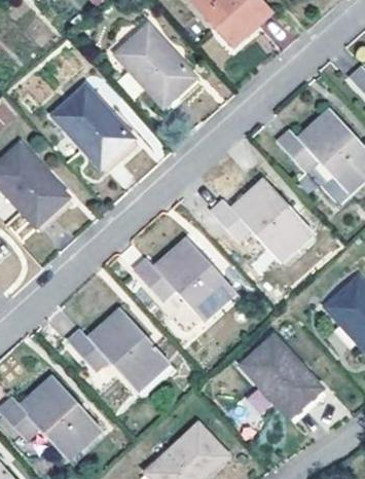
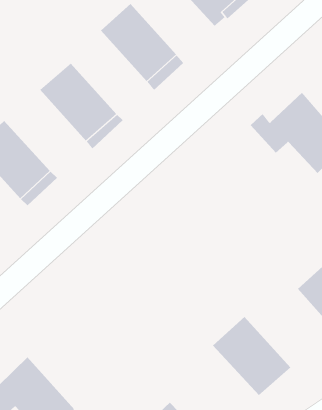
building: [207,180,306,262] -> none
building: [130,240,229,321] -> none
building: [63,311,163,394] -> none

